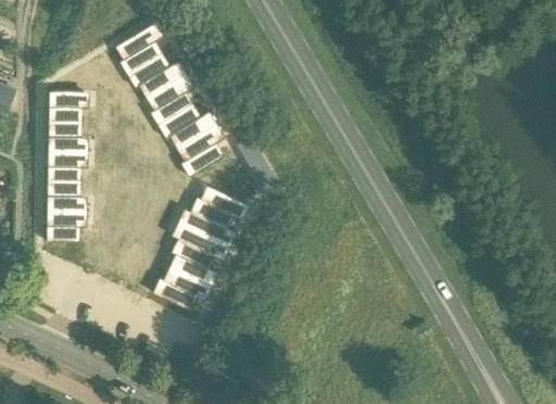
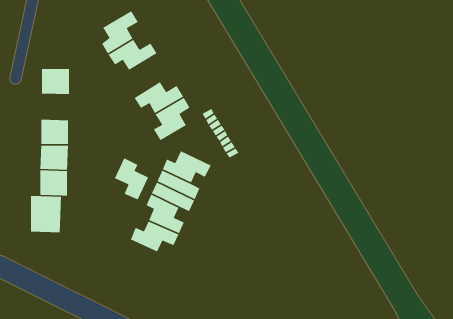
building: [150,72,194,124] -> none
building: [48,119,83,150] -> none
building: none -> [114,157,149,201]
building: none -> [30,195,62,233]

